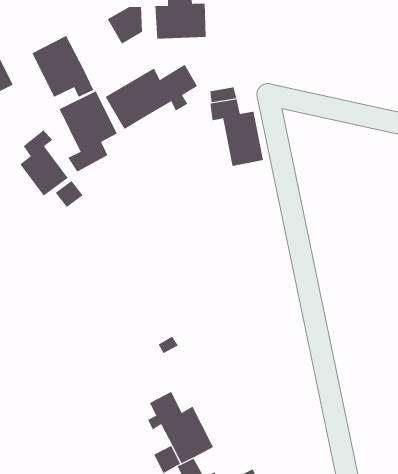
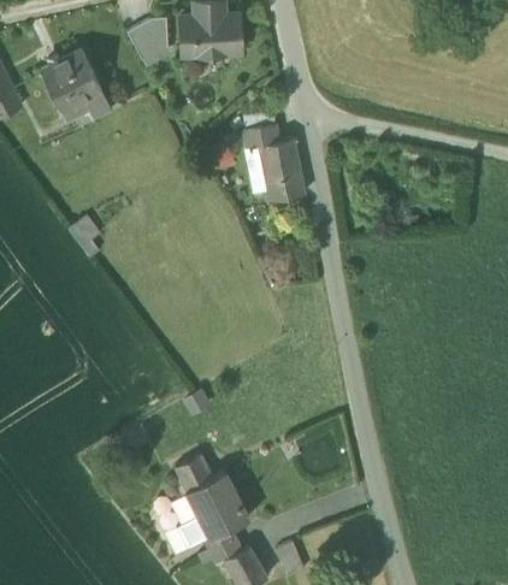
building: [105,64,198,130] -> none
building: [59,90,118,173] -> none
building: [20,129,68,196] -> none

